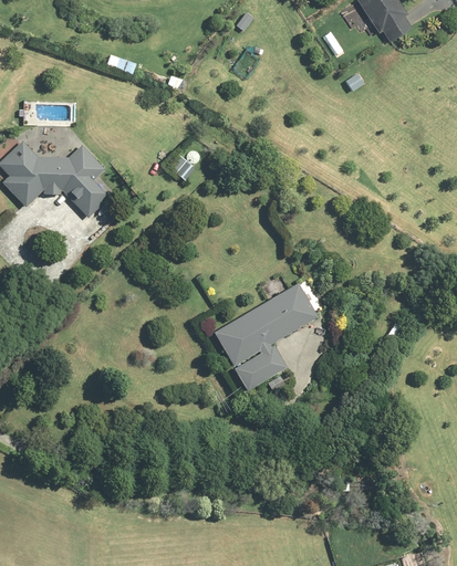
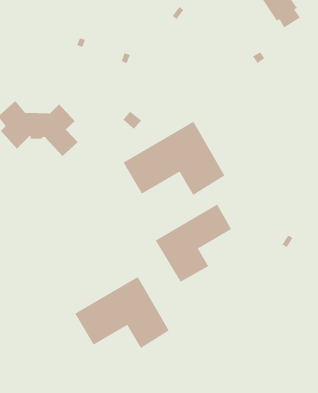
building: none -> [123,121,225,196]
building: none -> [75,276,169,349]

